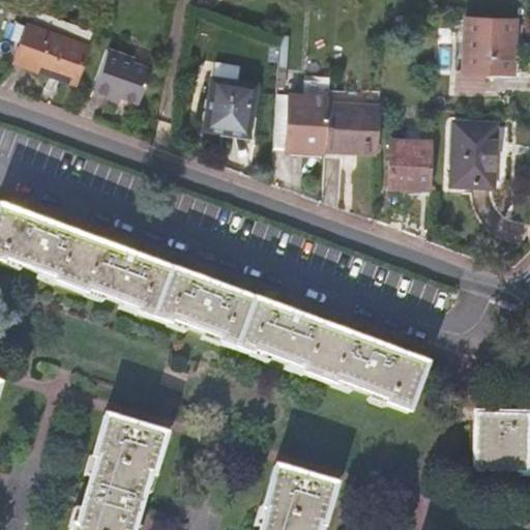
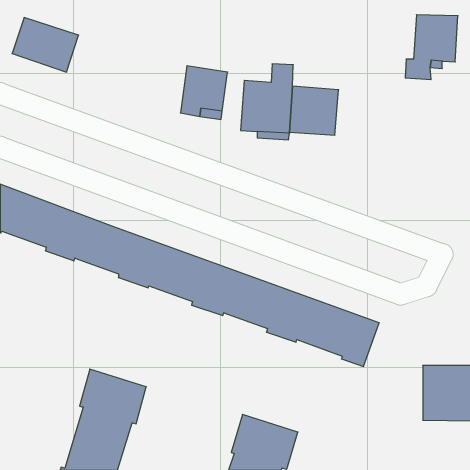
building: [98,40,156,95] -> none
building: [453,121,498,185] -> none
building: [389,136,434,186] -> none

